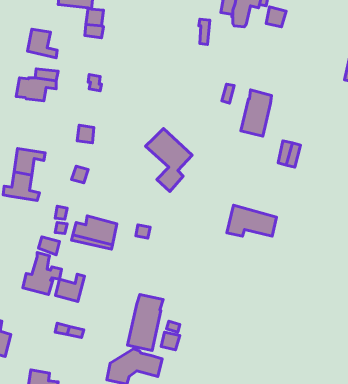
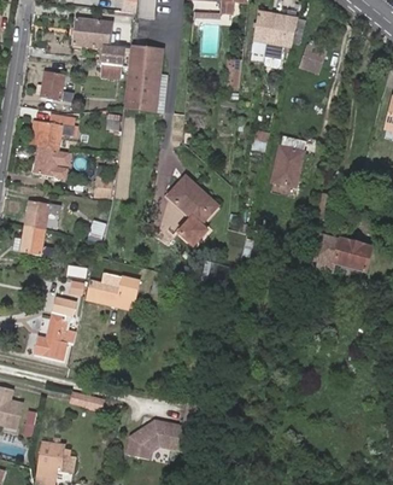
building: none -> [125,46,165,110]
building: none -> [34,145,71,176]
building: [227,205,277,236] -> [315,234,369,268]
building: [56,274,84,302] -> none
building: [127,295,163,351] -> none

